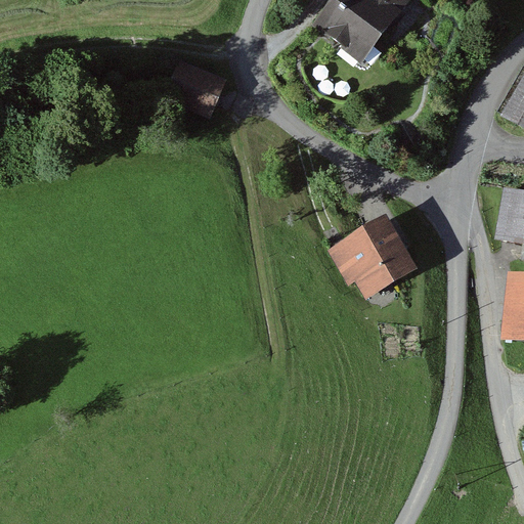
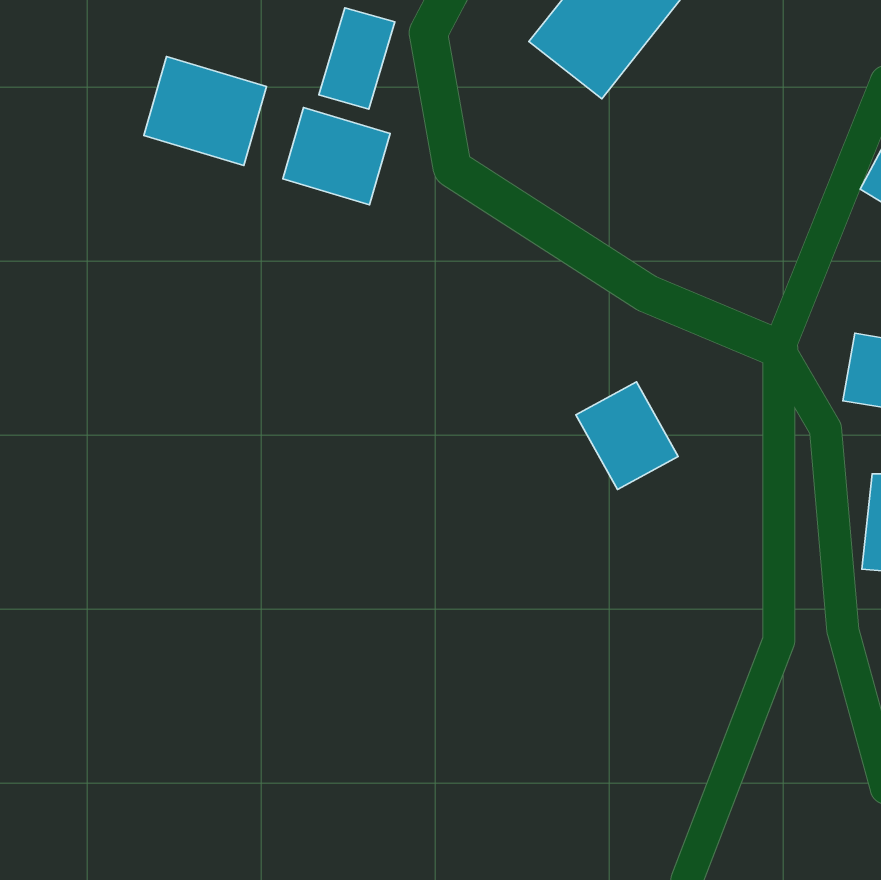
building: none -> [319,8,395,109]
building: none -> [144,56,266,166]

